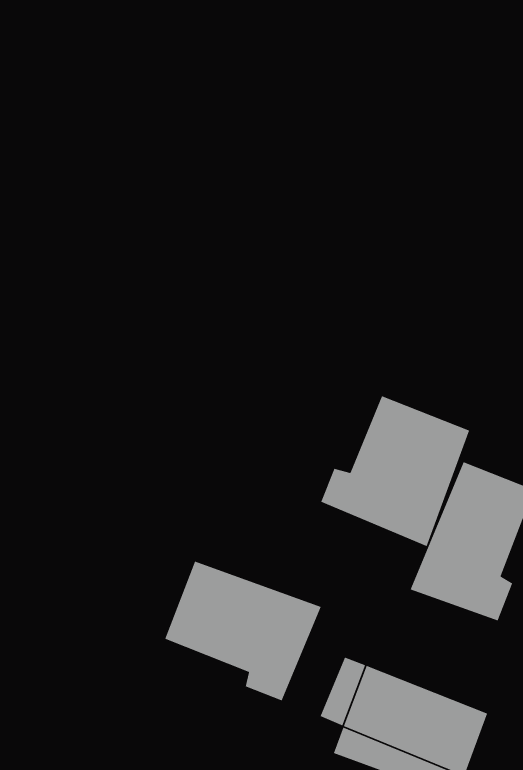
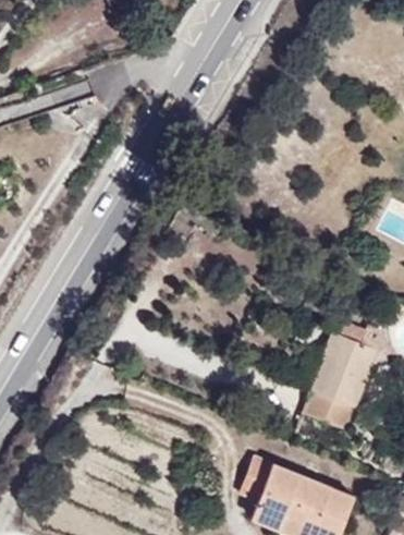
building: [320,395,470,547] -> none
building: [164,561,322,701] -> none

